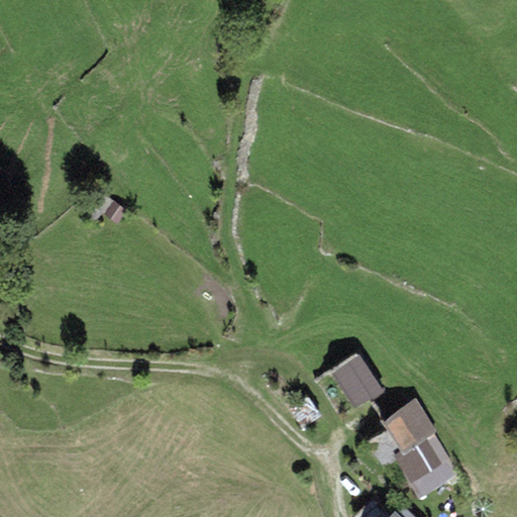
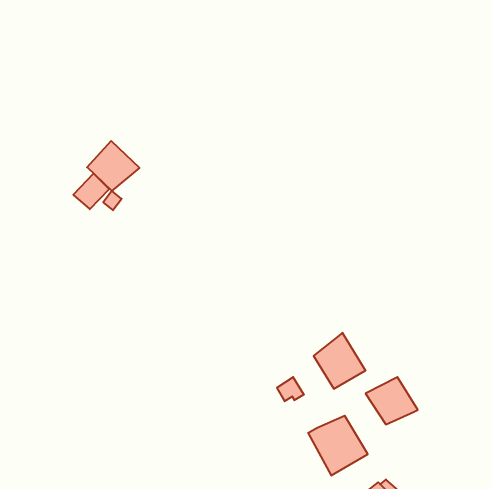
building: none -> [87,141,139,191]
building: [395,435,457,498] -> [308,416,368,475]

